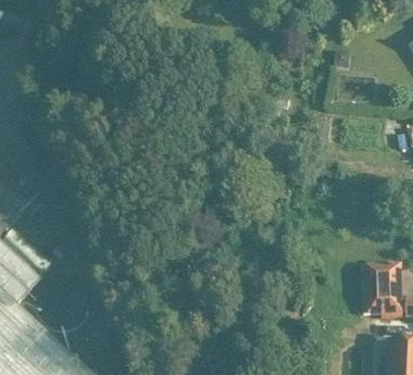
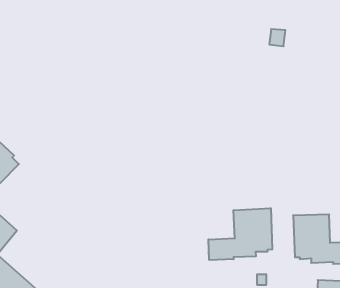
building: none -> [208,208,272,260]

